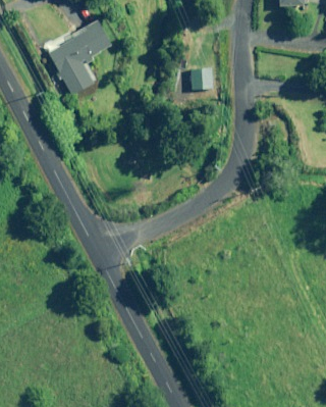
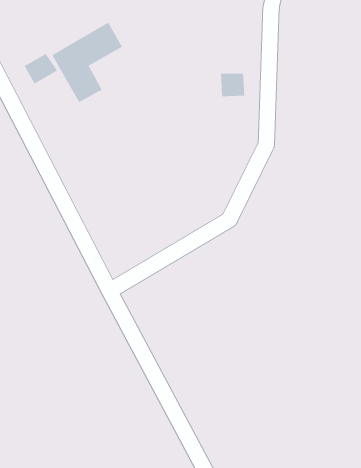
building: none -> [24,53,58,84]

